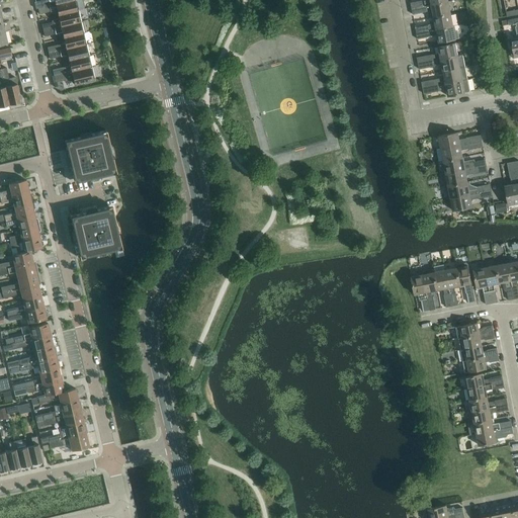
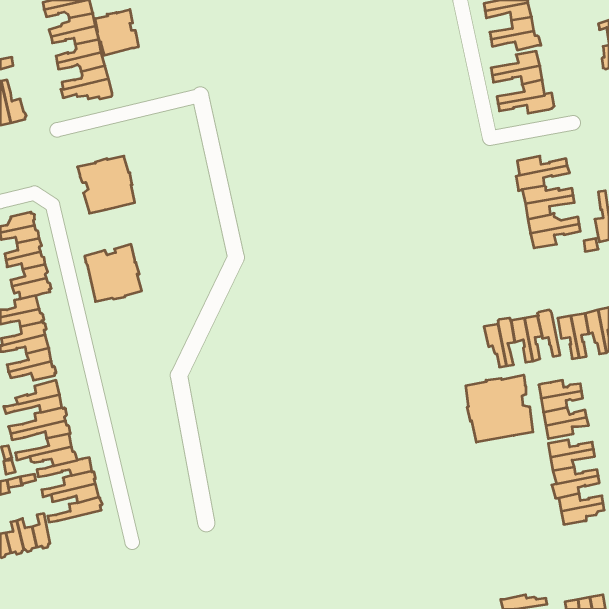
building: none -> [95,9,138,55]
building: none -> [466,375,533,442]
building: [49,433,89,450] -> none

